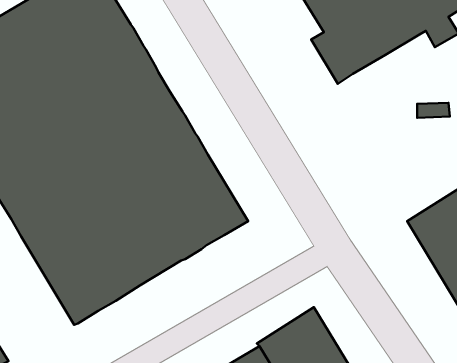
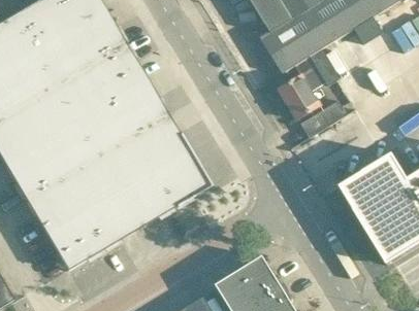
building: none -> [280,49,339,118]
building: none -> [300,100,348,138]

